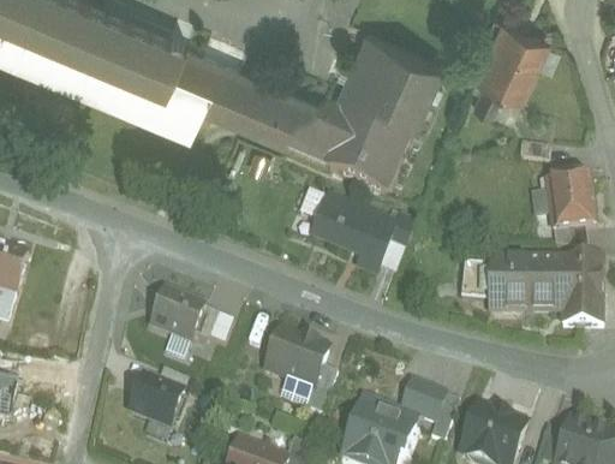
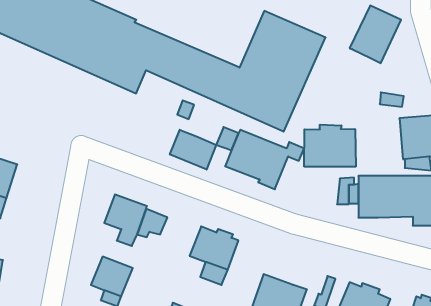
building: [470,84,506,121] -> none
building: none -> [304,125,356,167]
building: none -> [170,130,216,170]
building: [401,376,449,417] -> none

